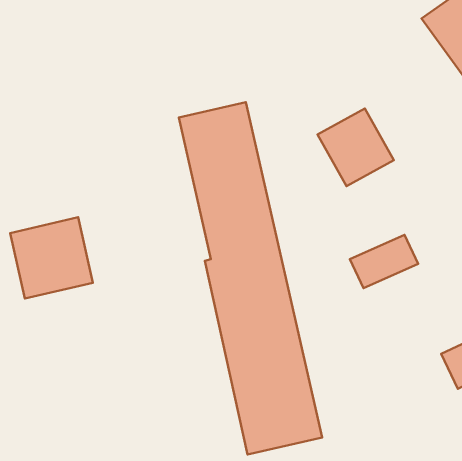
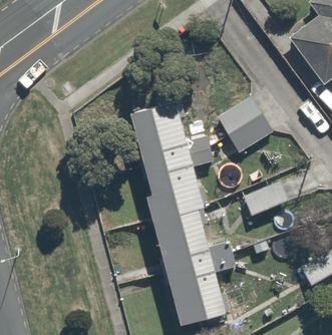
building: [10,217,93,298] -> none

